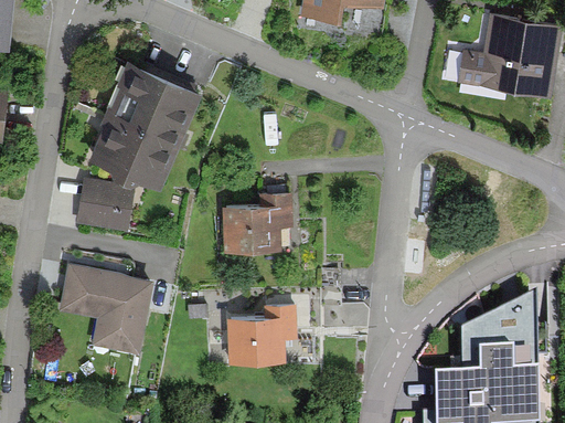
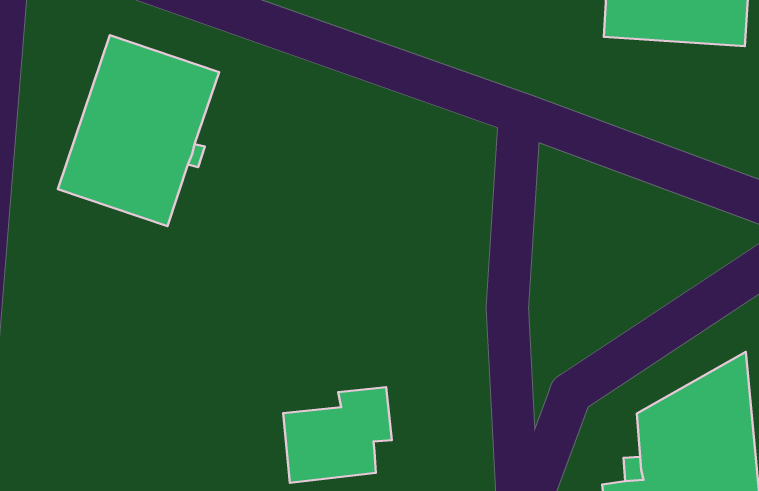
building: [75,177,134,231] -> none
building: [222,190,292,251] -> none
building: [58,262,152,355] -> none

